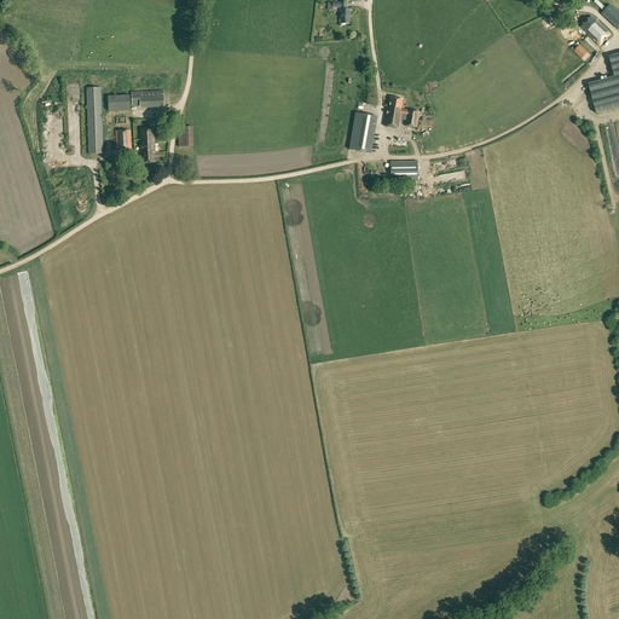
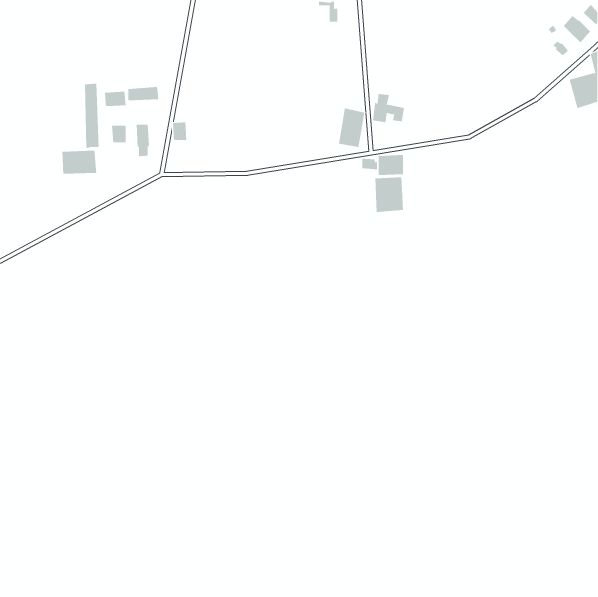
building: none -> [62,150,97,175]
building: none -> [375,176,403,213]

